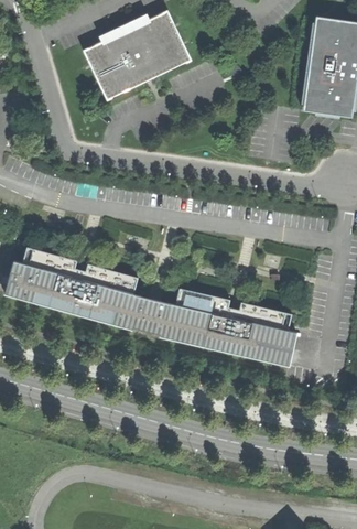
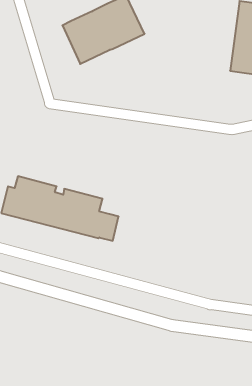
building: [150,288,295,368] -> none

